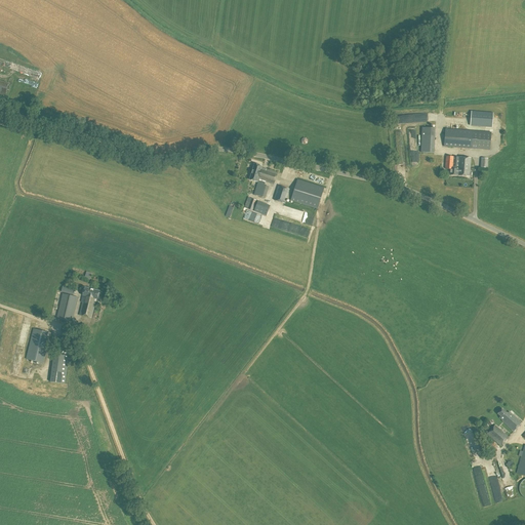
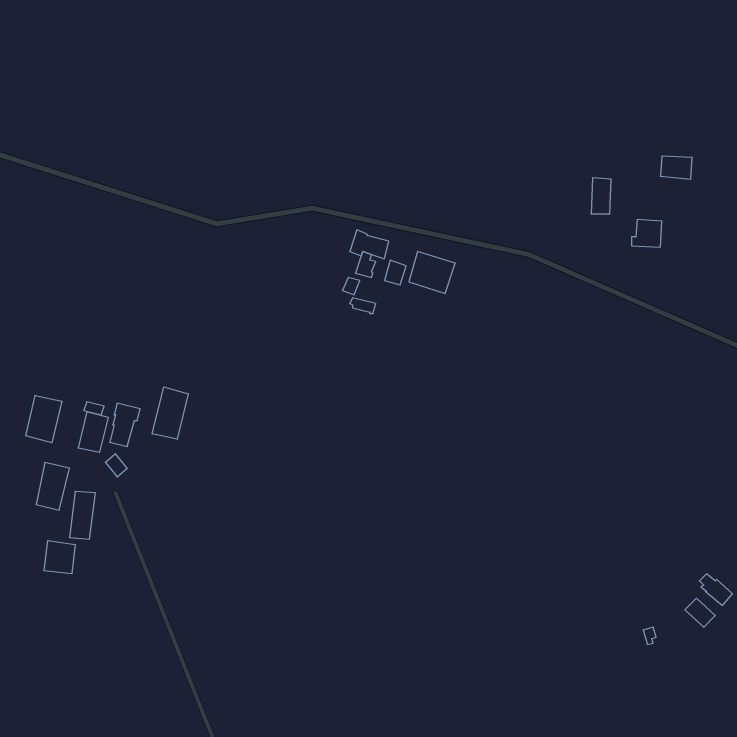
building: [443,128,490,149] -> none
building: none -> [152,387,188,439]
building: none -> [26,395,62,443]
building: none -> [44,540,75,574]

